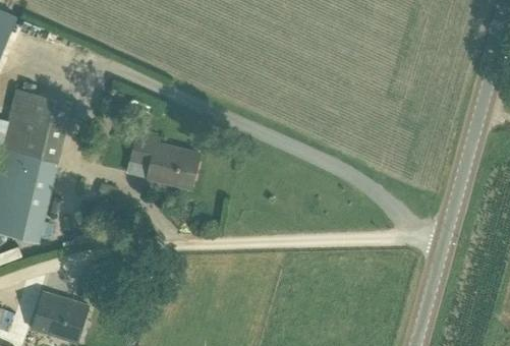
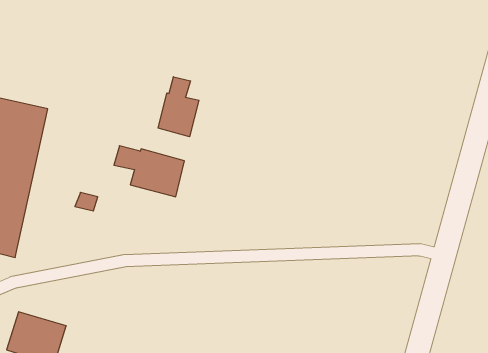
building: none -> [158,77,199,137]

